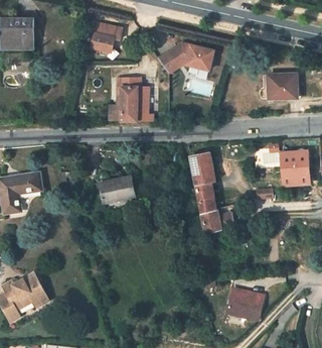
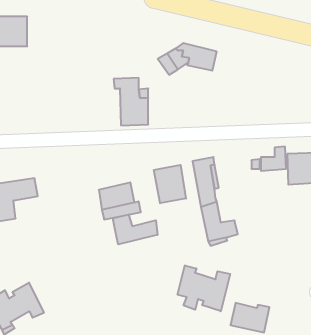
building: [91,23,122,52] -> none
building: [267,74,297,98] -> none
building: none -> [154,165,186,203]
building: none -> [113,215,157,244]
building: none -> [178,265,230,311]

